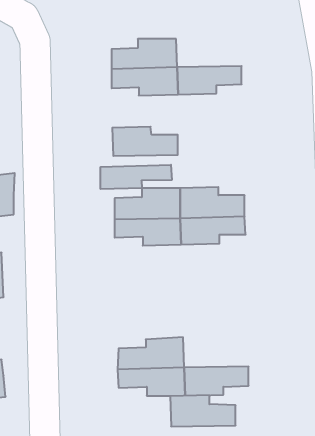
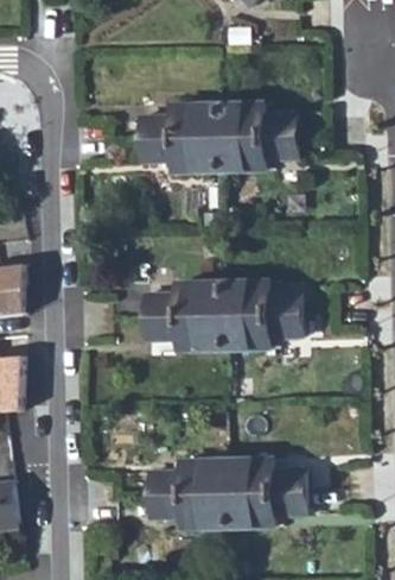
building: [112,127,178,156] -> [218,105,295,139]
building: [101,165,172,189] -> none
building: [170,395,236,426] -> [227,456,304,493]

